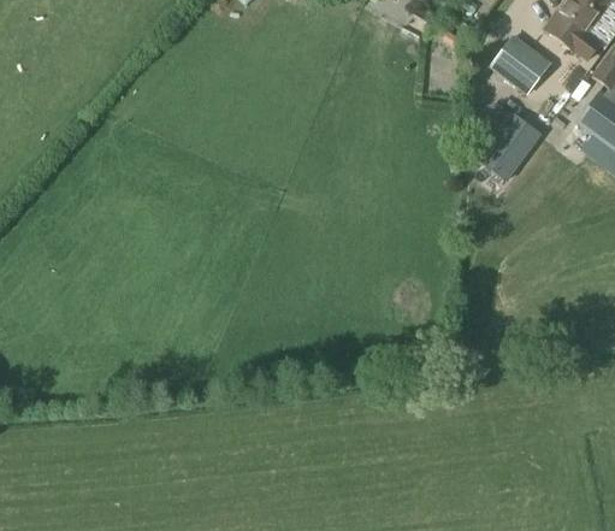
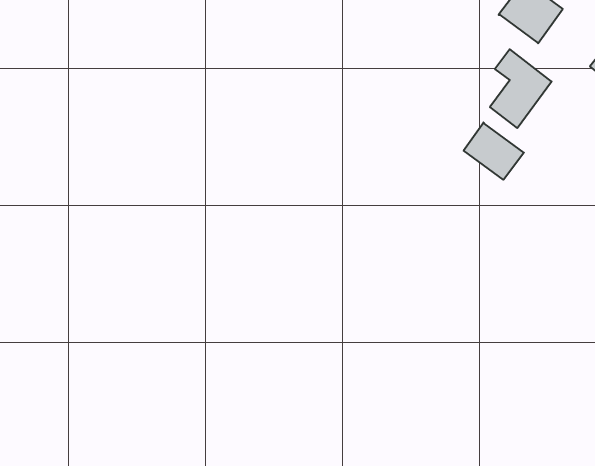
building: none -> [464,122,524,180]

